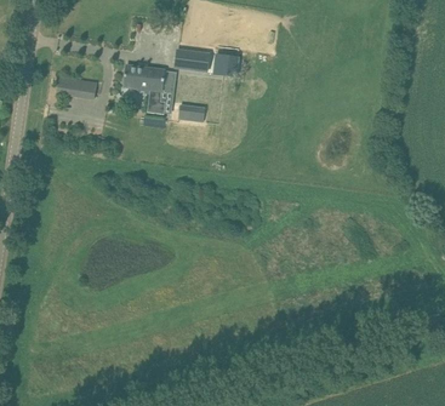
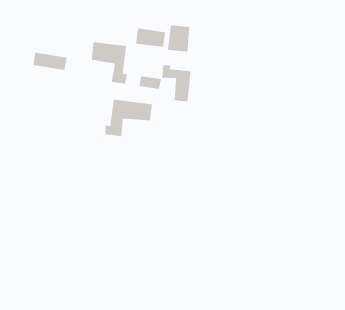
building: none -> [162,64,191,102]
building: none -> [105,99,153,137]

